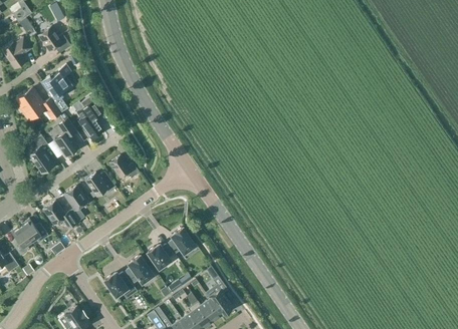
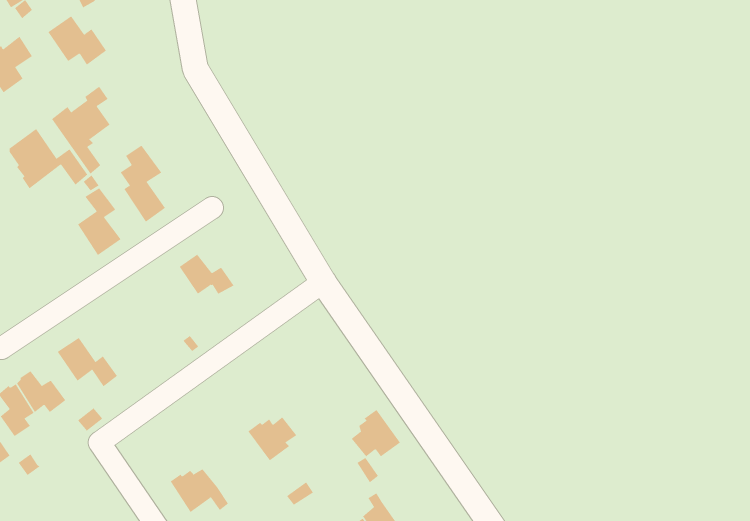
building: [29,135,53,175] -> none
building: [84,173,114,198] -> none
building: [63,187,86,223] -> none
building: [168,228,195,254] -> [351,409,401,457]
building: [126,256,153,284] -> none

